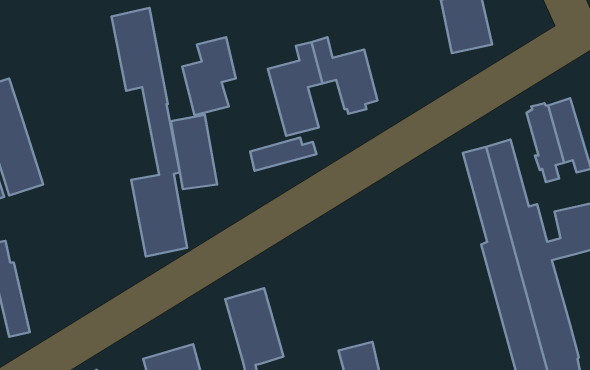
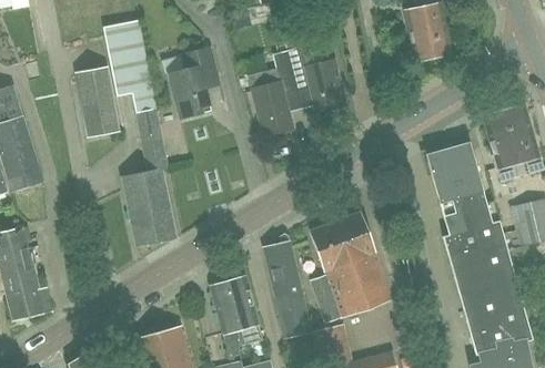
building: [171,115,217,189] -> [77,69,119,136]
building: [250,137,317,171] -> none
building: none -> [310,211,390,323]
building: none -> [9,227,51,315]
building: none -> [263,241,307,335]

